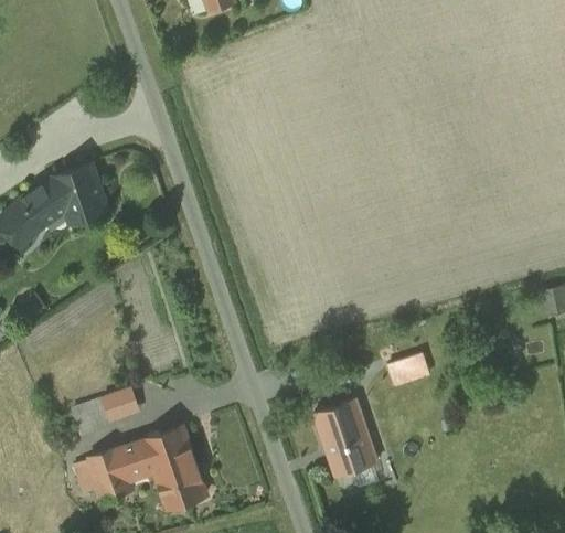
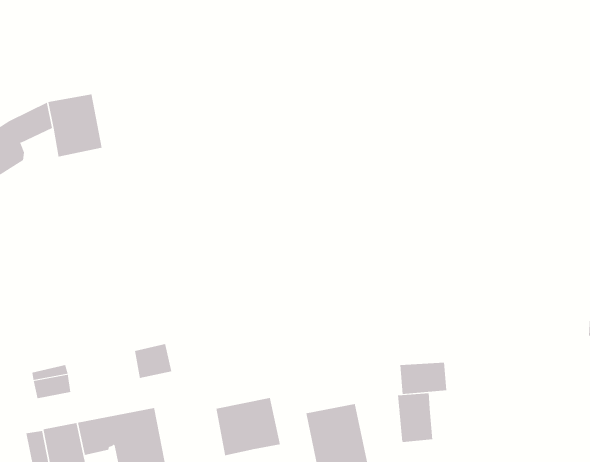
building: none -> [397,392,433,443]
building: [104,388,139,422] -> [134,344,172,378]
building: none -> [216,397,280,456]

